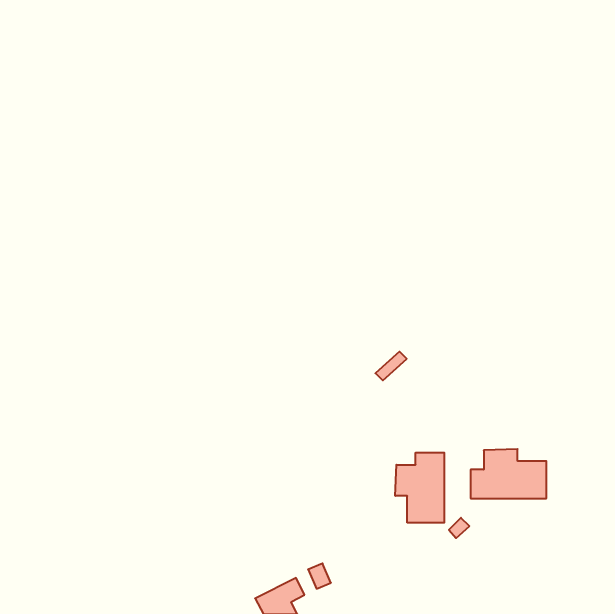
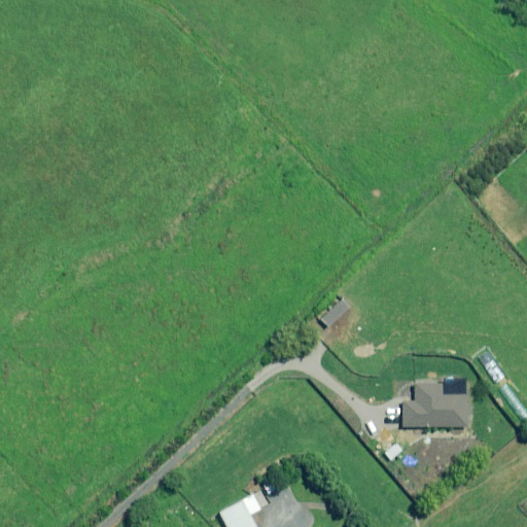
building: [395,453,444,523] -> none

